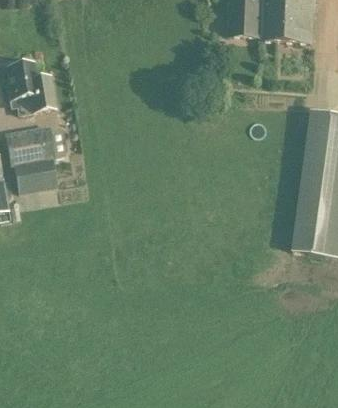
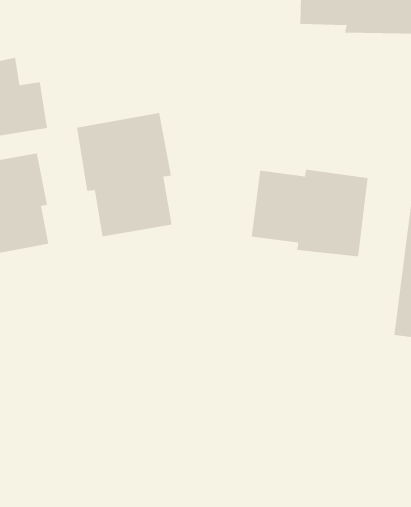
building: none -> [77,112,172,237]
building: none -> [251,169,368,257]

